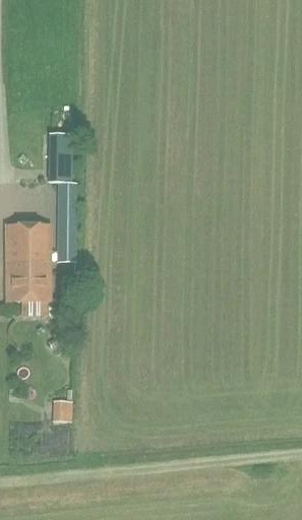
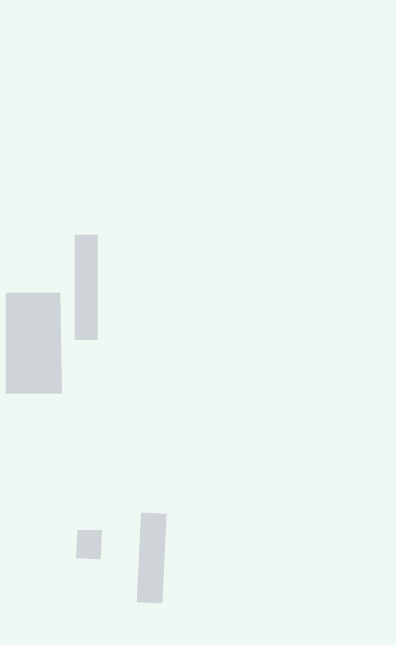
building: [48,134,73,176] -> none
building: none -> [136,512,167,604]

